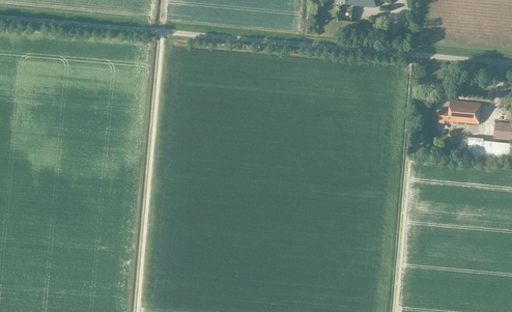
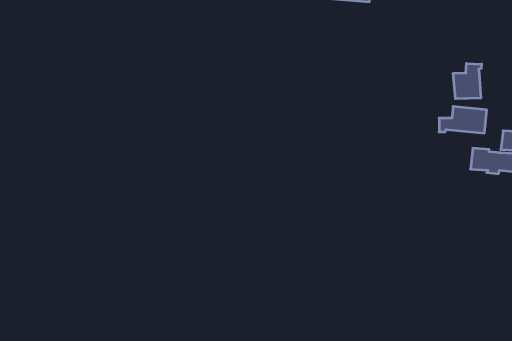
building: none -> [453,63,482,99]

